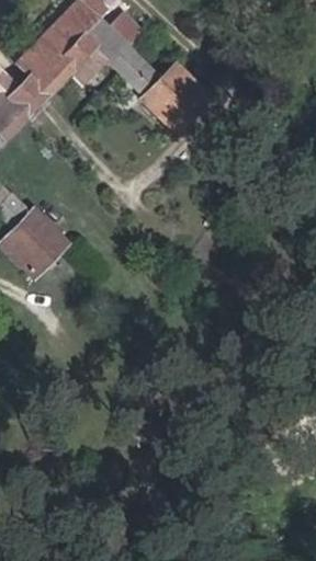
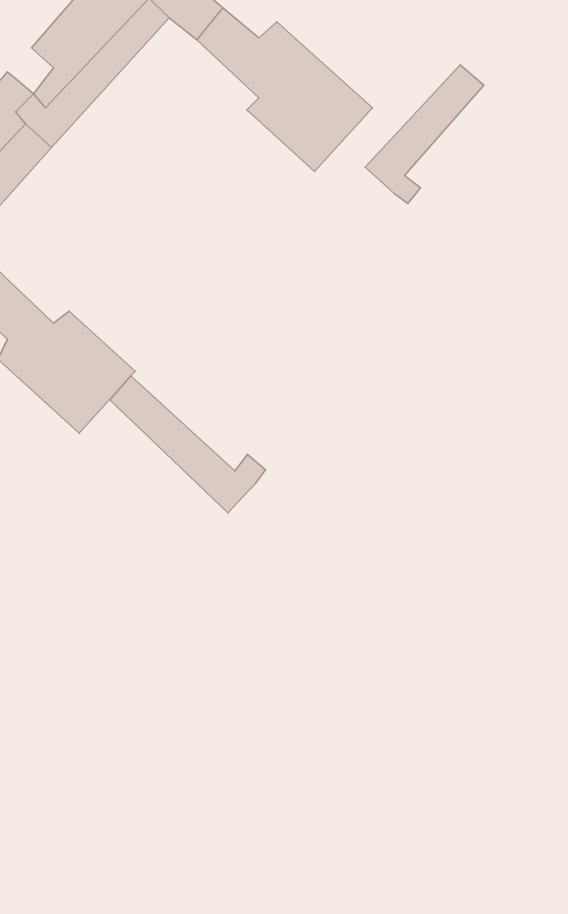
building: none -> [365,65,484,204]
building: none -> [110,376,266,513]

